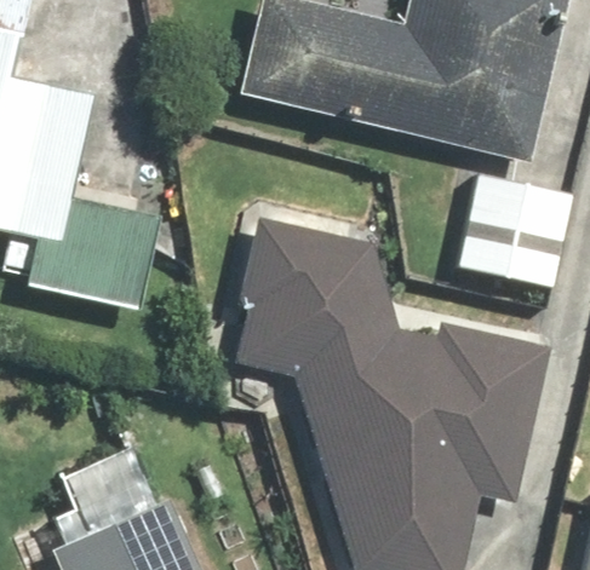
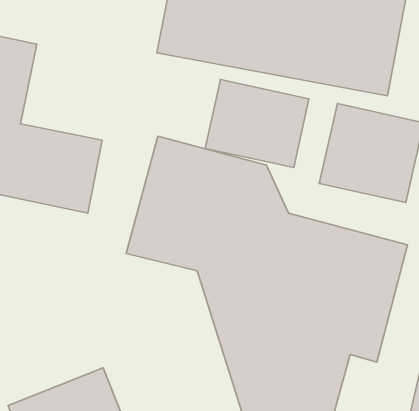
building: none -> [205,80,309,168]

